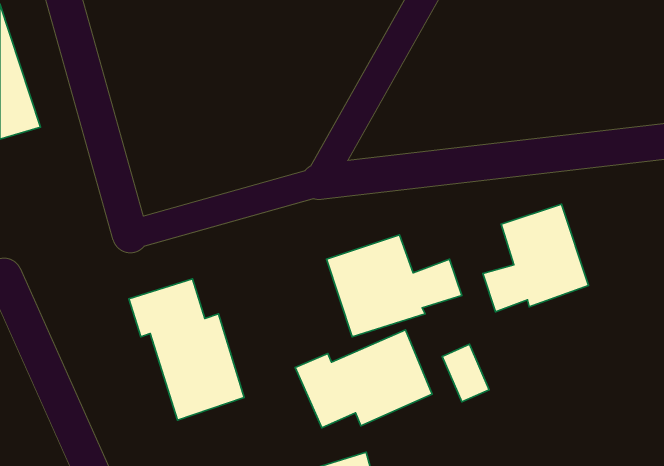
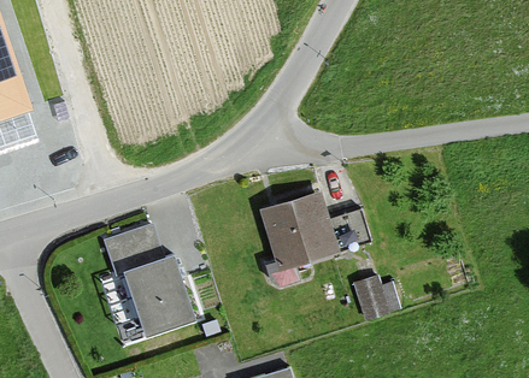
building: [483,204,589,312] -> none
building: [295,330,432,428] -> none

